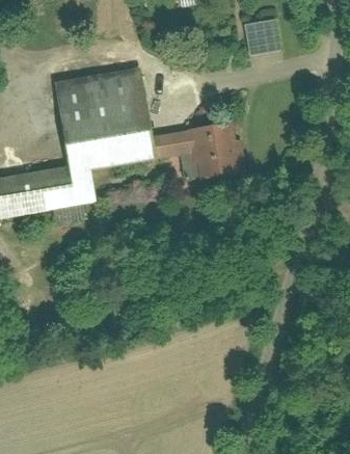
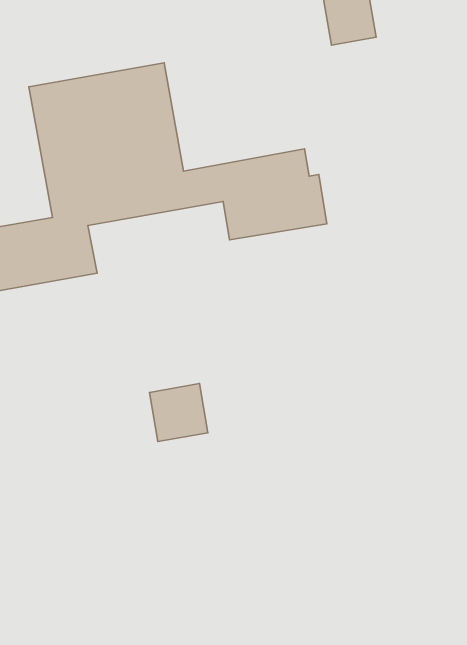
building: none -> [150,384,208,442]

